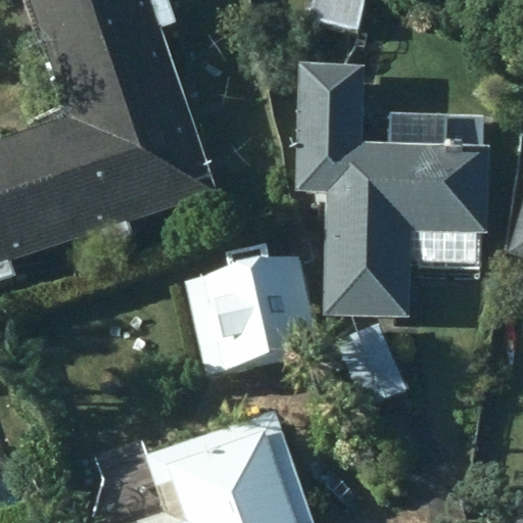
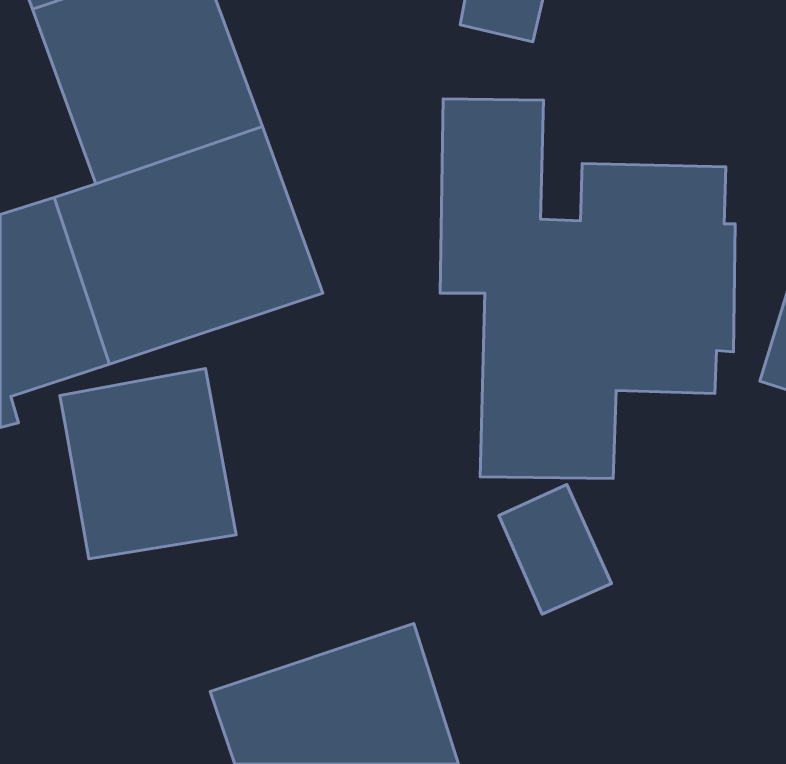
building: none -> [60,368,236,559]
building: [185,256,317,368] -> none

